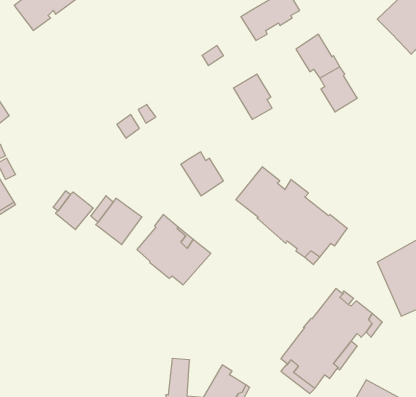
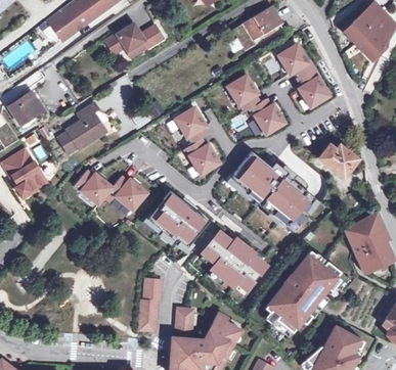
building: none -> [106,24,164,56]
building: none -> [250,99,284,134]
building: none -> [58,103,108,151]
building: none -> [175,107,207,145]
building: none -> [318,144,358,177]
building: none -> [202,231,267,290]
building: none -> [139,278,161,330]

